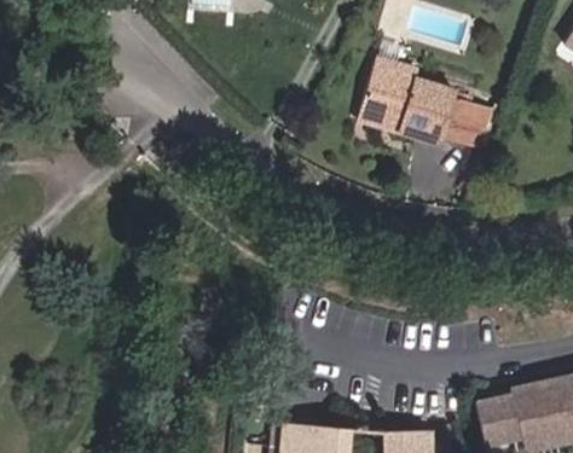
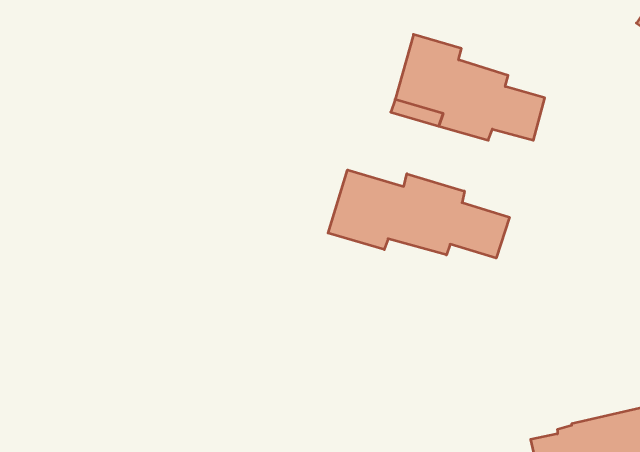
building: none -> [328,170,509,258]

